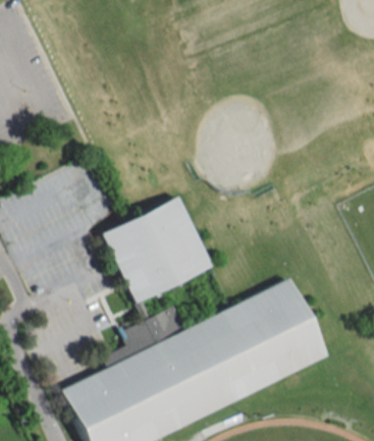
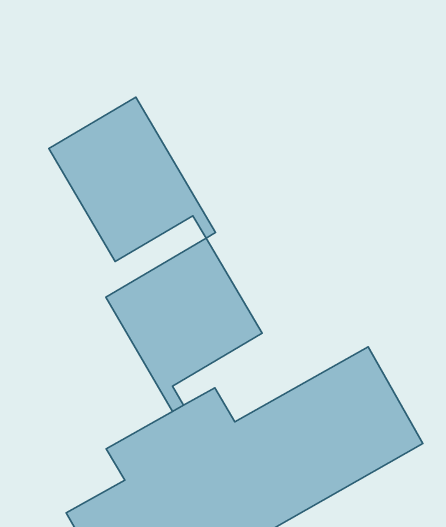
building: none -> [49,97,216,262]

